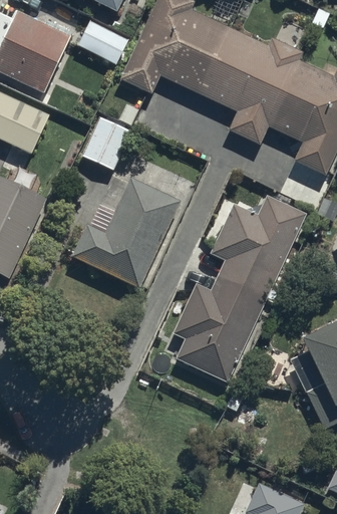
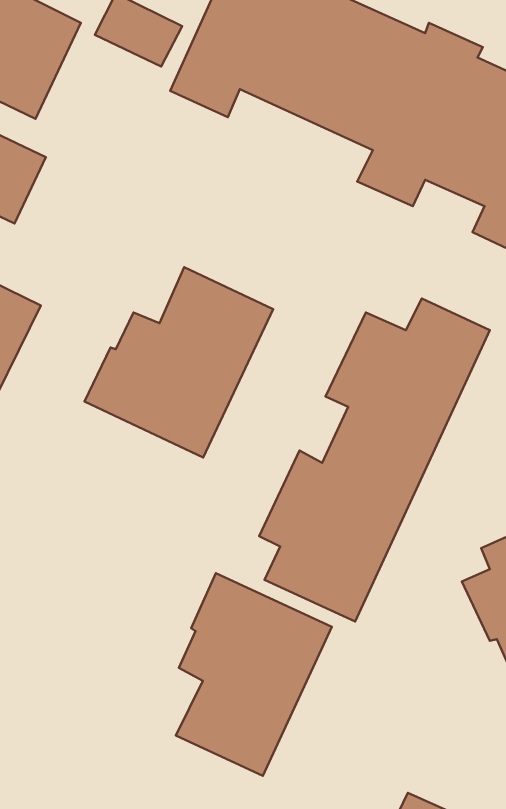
building: [80,116,130,169] -> none
building: none -> [176,573,332,776]

